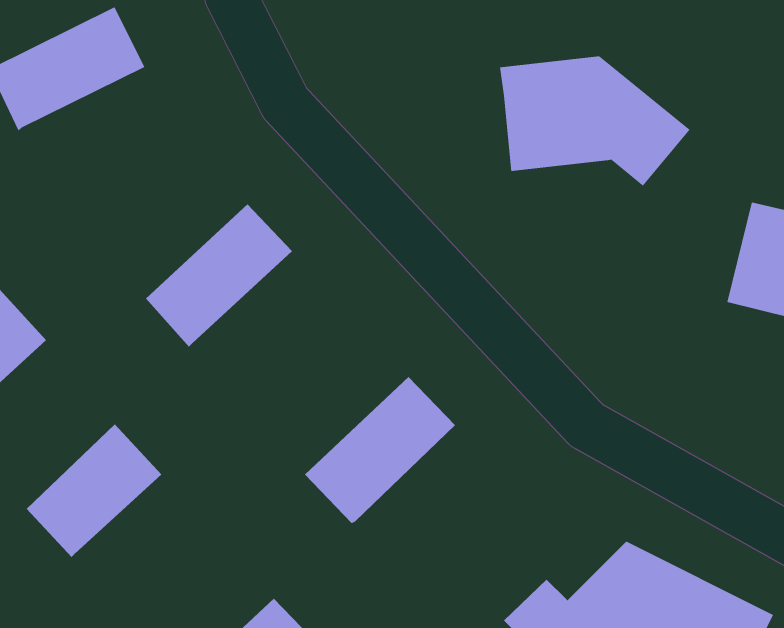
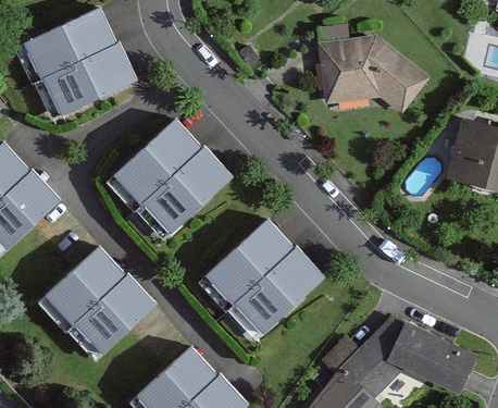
building: none -> [45,41,136,113]
building: none -> [142,146,229,231]
building: none -> [236,246,323,331]
building: none -> [75,274,154,351]

